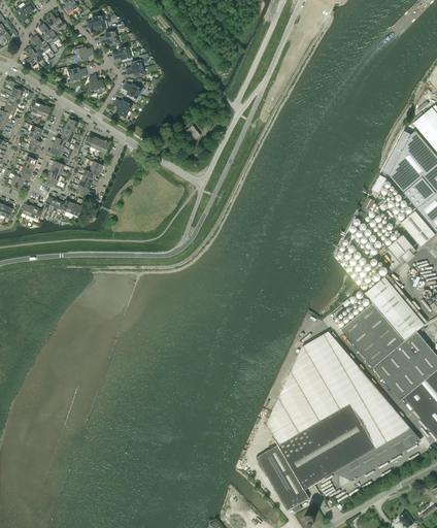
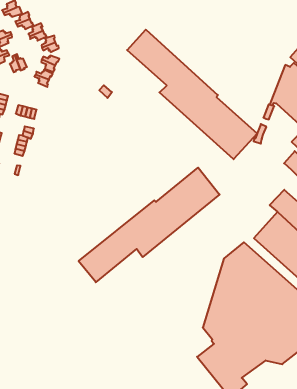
building: none -> [127,30,257,159]
building: none -> [79,168,220,282]

